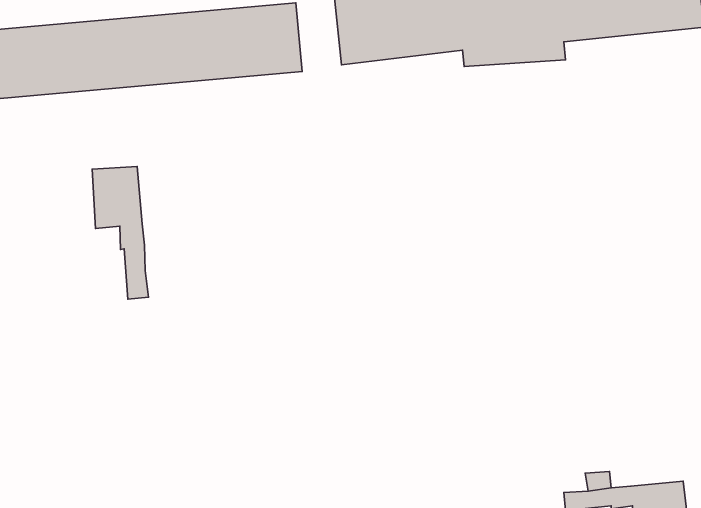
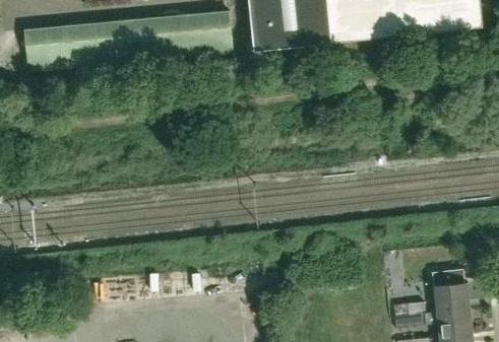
building: [92,167,148,299] -> none
building: none -> [433,282,469,311]

